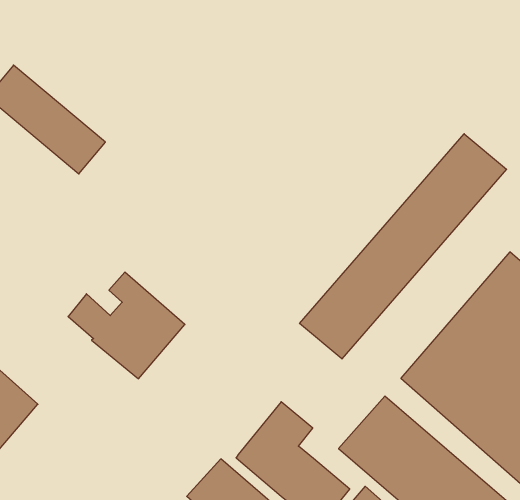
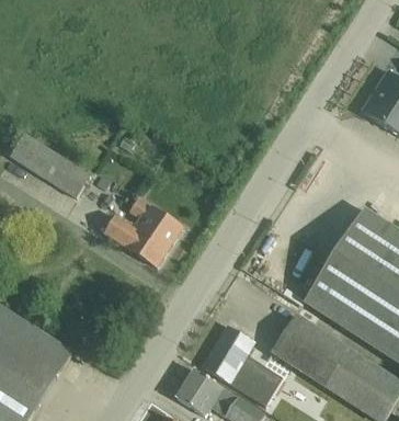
building: [300,134,507,359] -> none
building: [68,272,185,379] -> [105,197,182,265]

